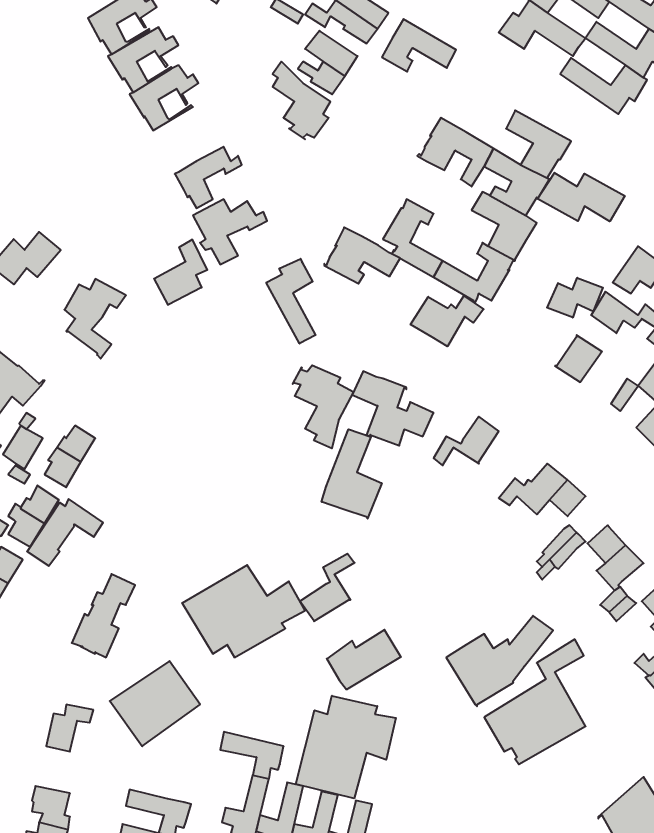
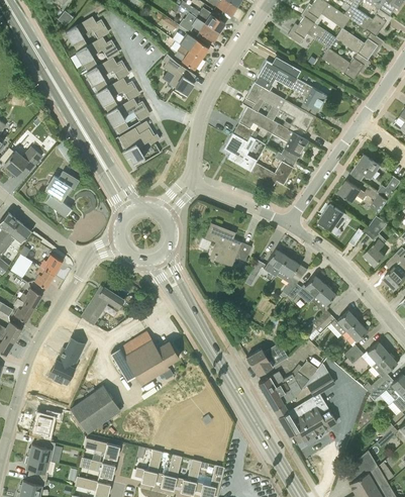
building: [382,19,456,72] -> [255,62,296,91]
building: none -> [96,78,133,113]
building: [538,173,625,221] -> none
building: [324,227,400,284] -> [235,107,278,138]
building: [154,239,207,305] -> none
building: [266,259,316,344] -> none
building: [547,278,603,318] -> none
building: [411,296,484,346] -> none
building: [293,365,354,448] -> none
building: [322,429,382,519] -> none
building: none -> [276,258,299,299]
building: [27,499,103,566] -> [81,287,123,324]
building: [300,554,355,621] -> none
building: [327,630,401,689] -> [246,342,288,376]
building: [296,696,396,798] -> none
building: [220,732,284,779] -> [84,438,119,465]
building: none -> [28,437,56,460]

